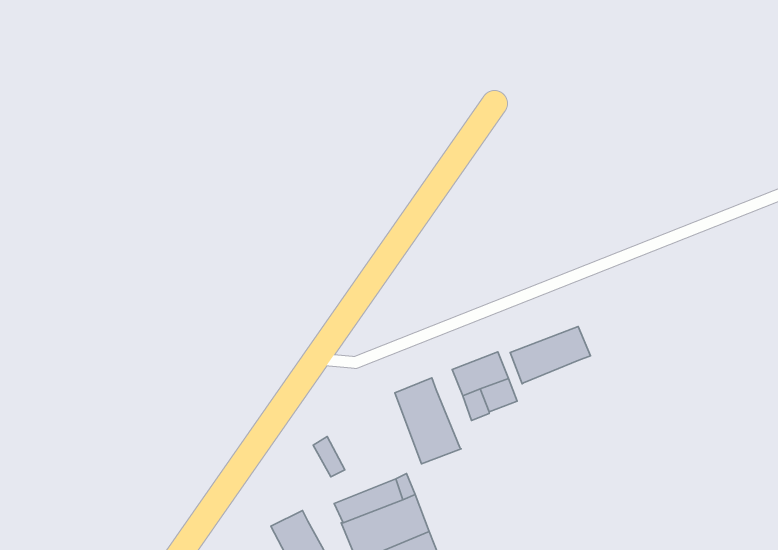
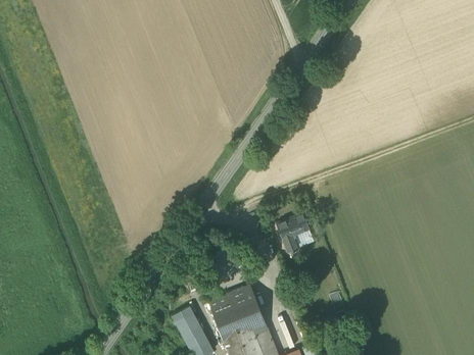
building: [510,326,590,384] -> none
building: [395,378,461,464] -> none

